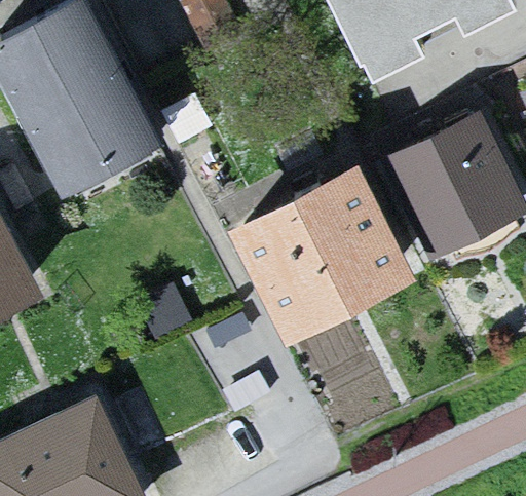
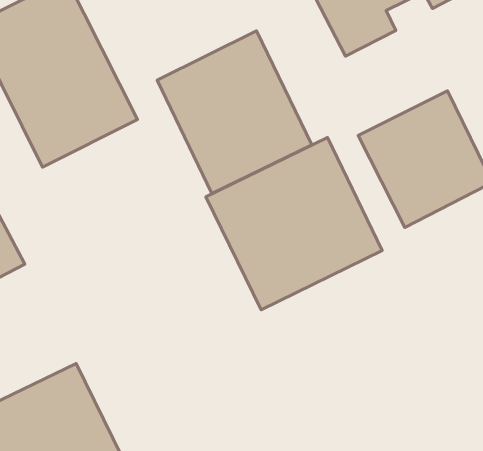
building: none -> [157,31,312,193]

